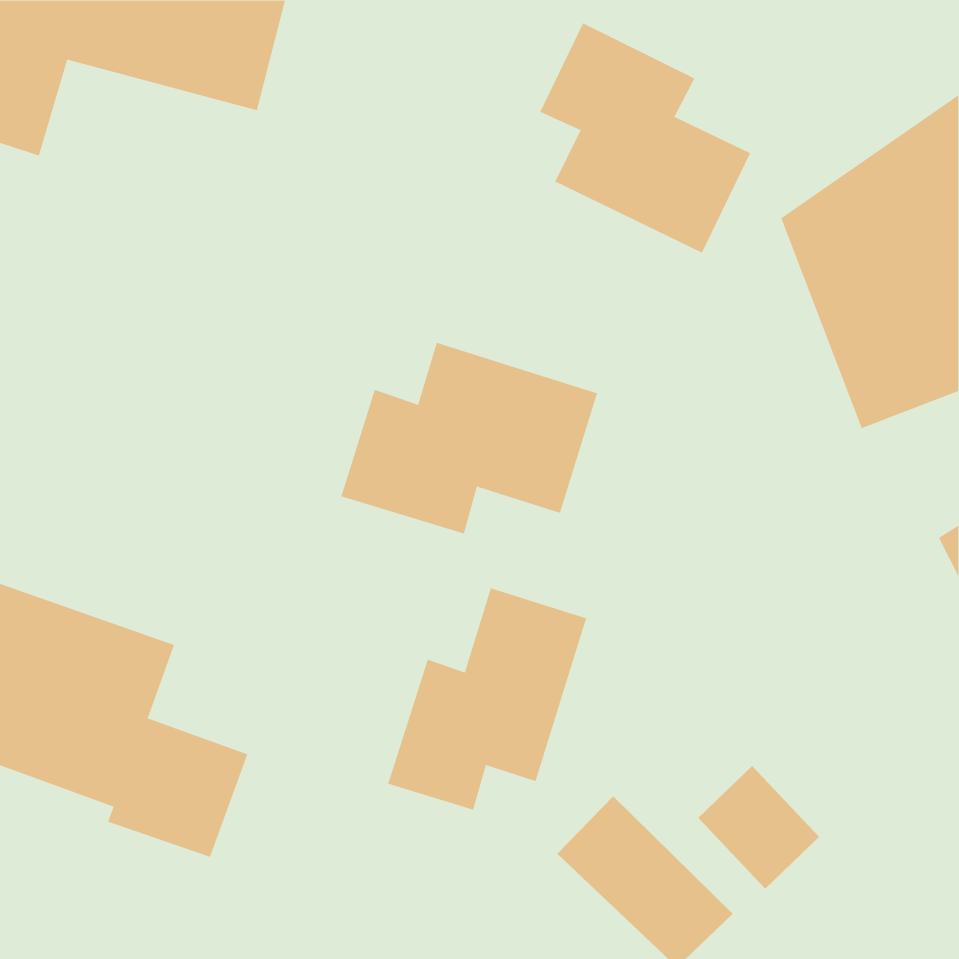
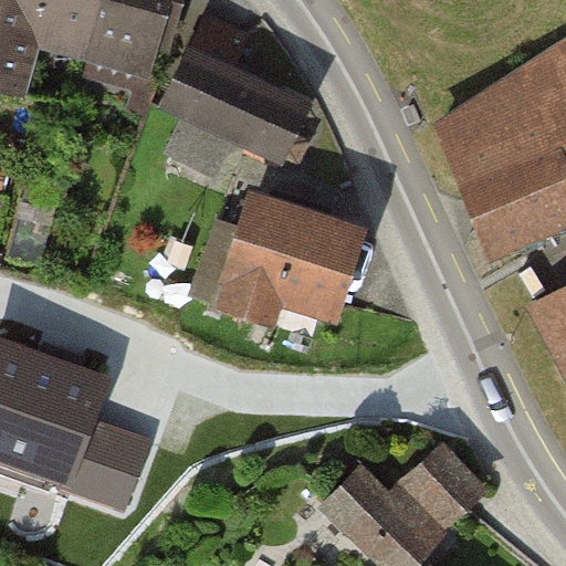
building: [540,22,751,253] -> none
building: none -> [168,22,308,171]
building: [387,588,587,811] -> none

